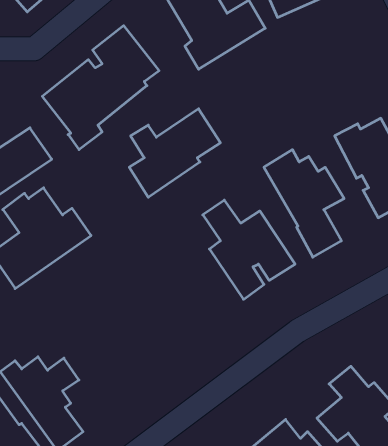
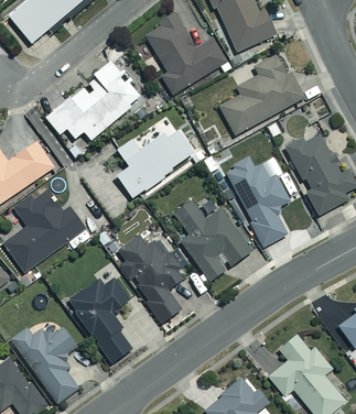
building: none -> [219,54,304,133]
building: none -> [117,236,184,323]
building: none -> [65,277,132,362]

